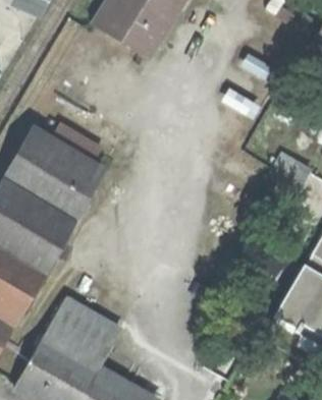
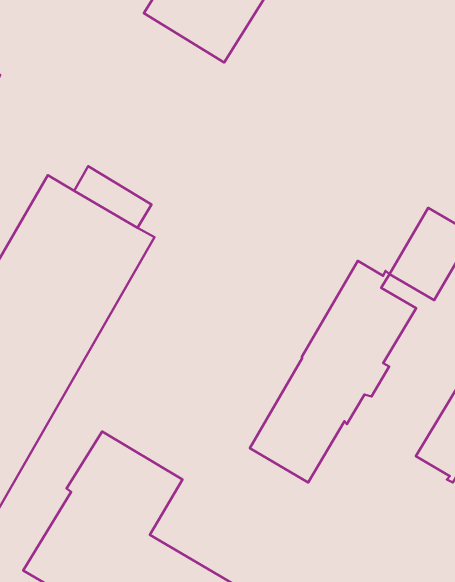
building: none -> [250,261,416,482]

